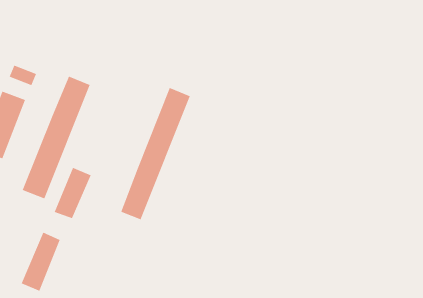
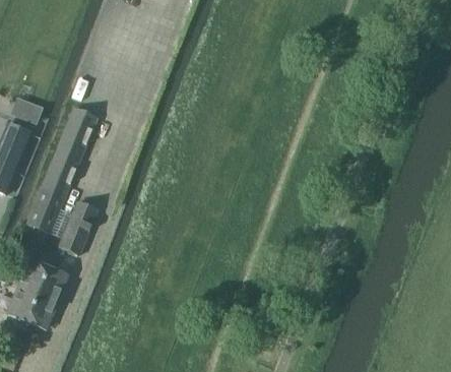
building: [120,87,191,220] -> none
building: none -> [8,260,48,320]

